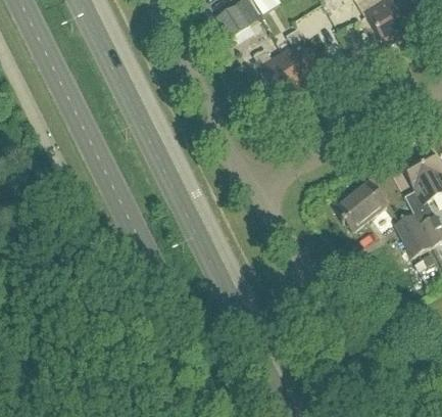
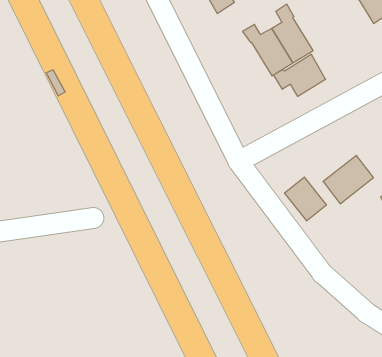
building: none -> [273,54,326,96]
building: none -> [285,177,326,221]

